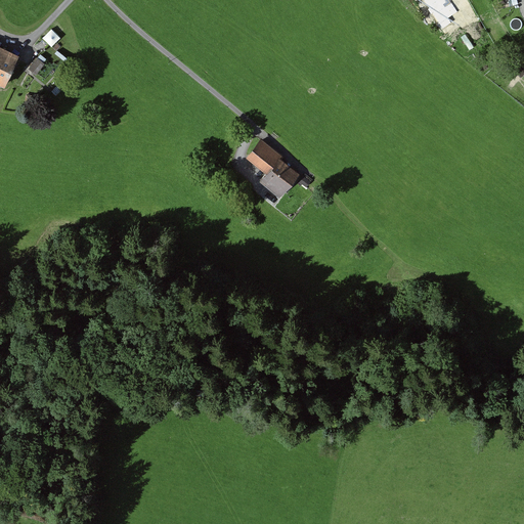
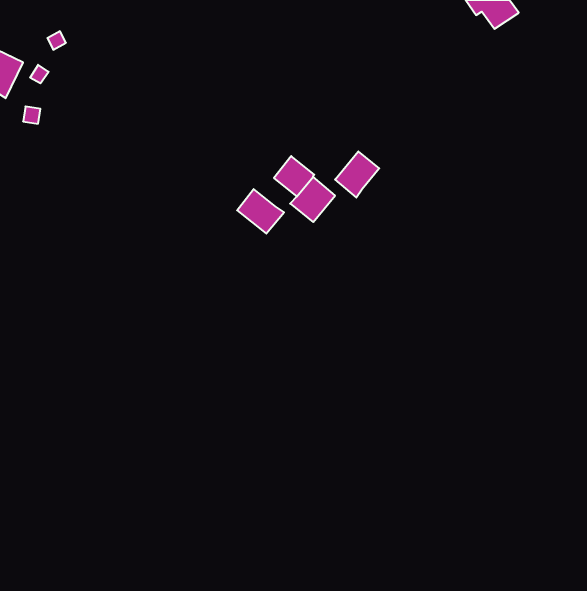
building: none -> [335,151,379,198]
building: none -> [237,189,284,234]

